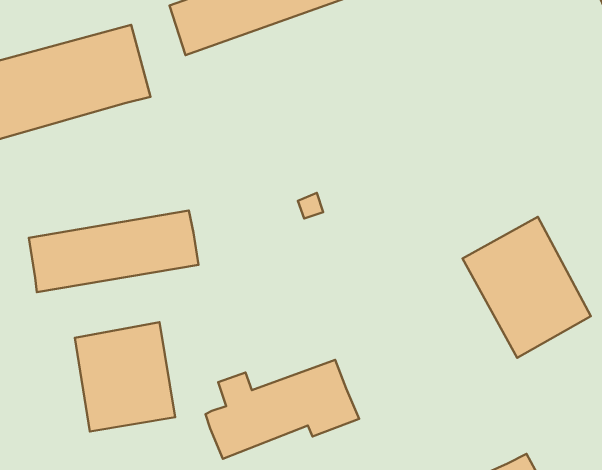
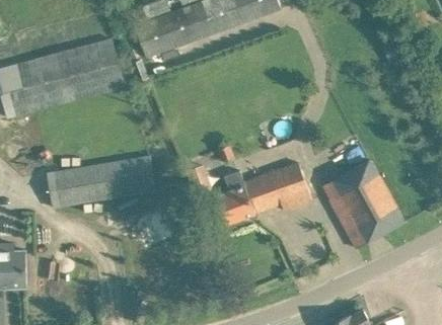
building: [75,322,175,432] -> none
building: [205,360,359,459] -> [215,161,312,224]

